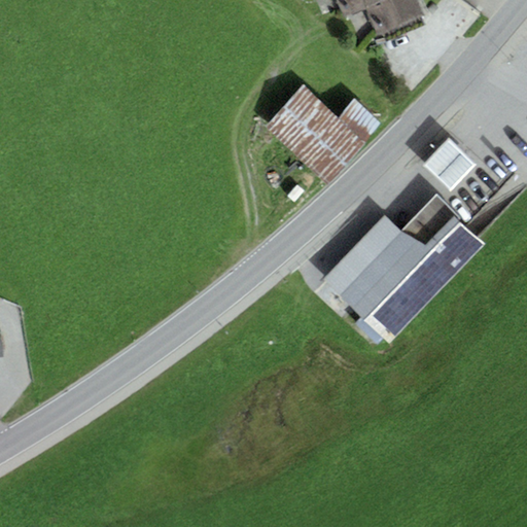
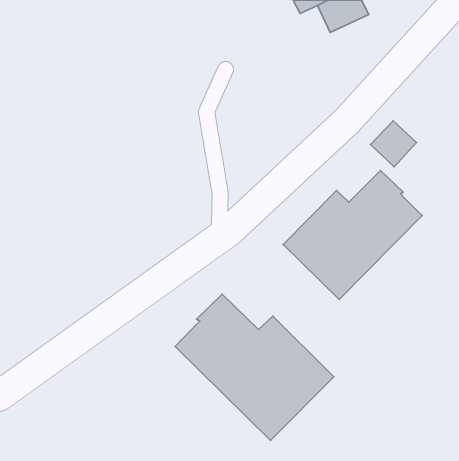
building: [267,84,379,180] -> none
building: none -> [175,294,334,441]

